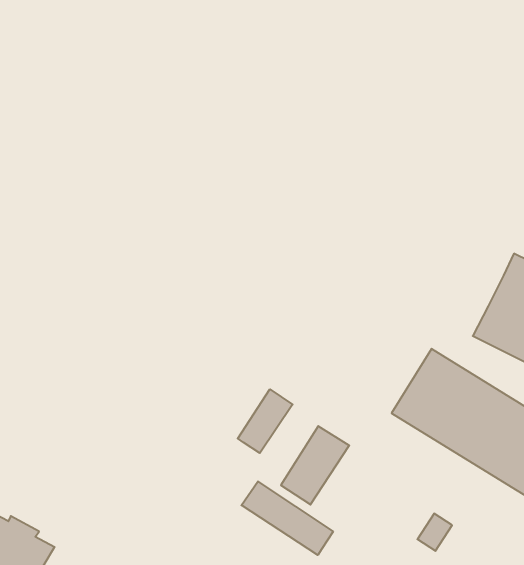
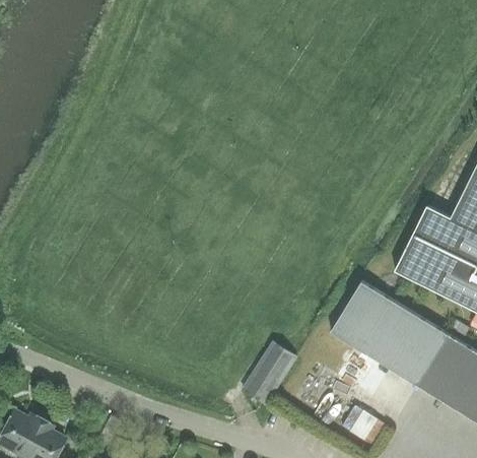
building: [238,389,293,453] -> none
building: [241,481,333,555] -> none

